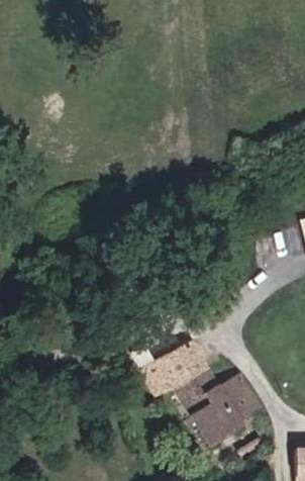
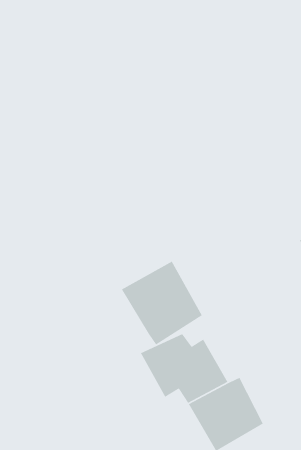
building: none -> [121,261,203,346]

